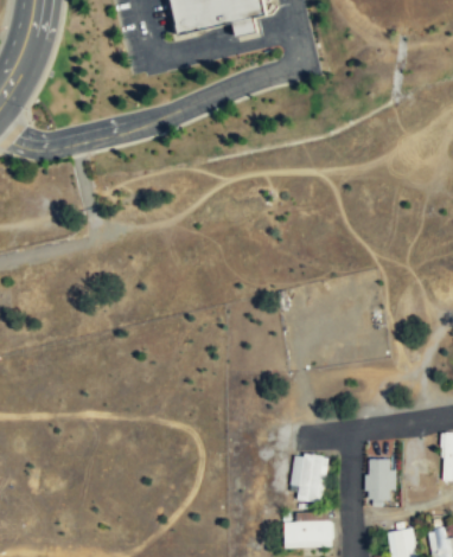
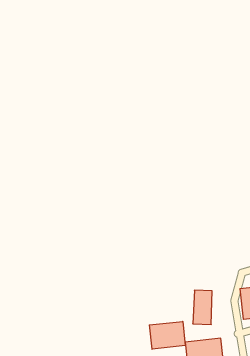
building: none -> [149,321,185,349]

